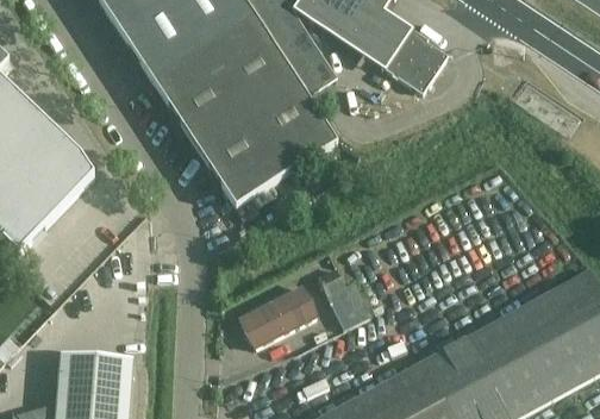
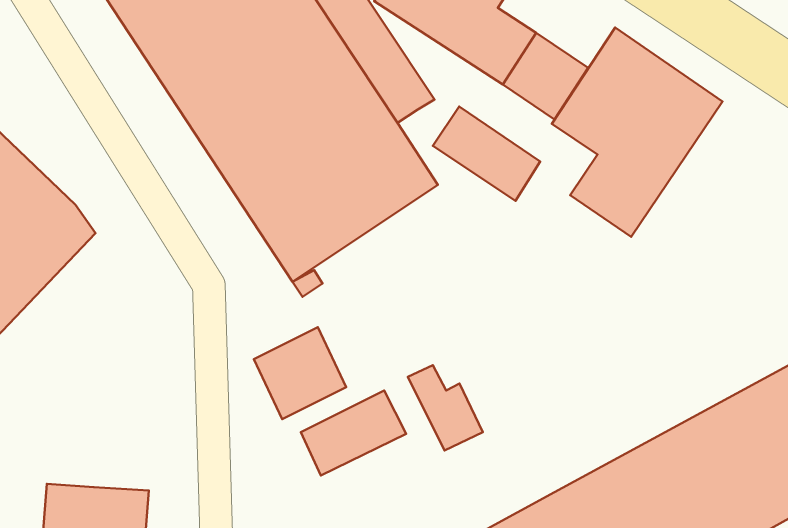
building: none -> [552,27,723,237]
building: none -> [433,107,540,201]
building: none -> [254,327,346,419]

